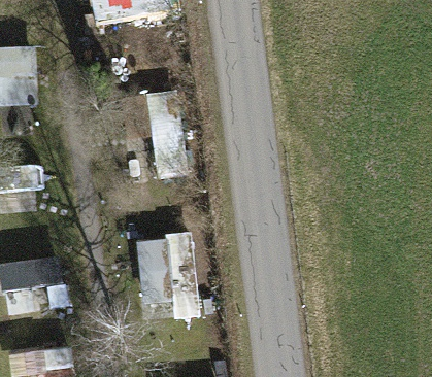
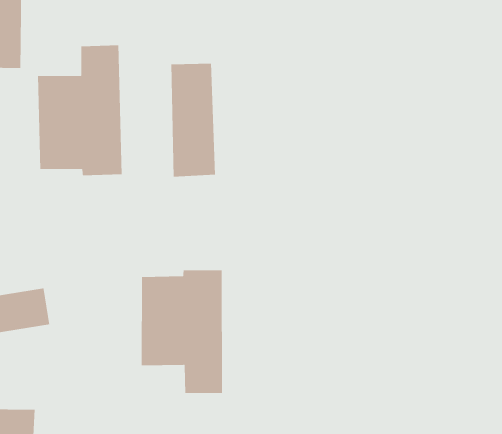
building: none -> [37,45,122,176]

